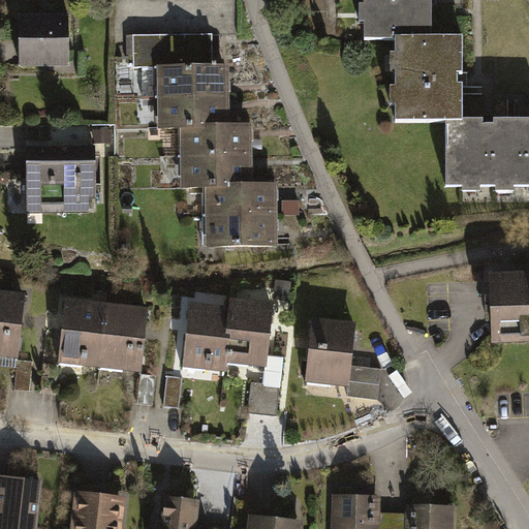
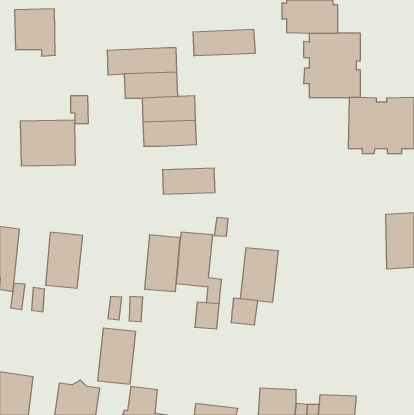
building: [133,31,213,64] -> [193,30,255,56]
building: [205,183,273,216] -> none
building: [98,300,147,371] -> [98,328,136,384]
building: [346,366,380,400] -> [231,298,258,325]

